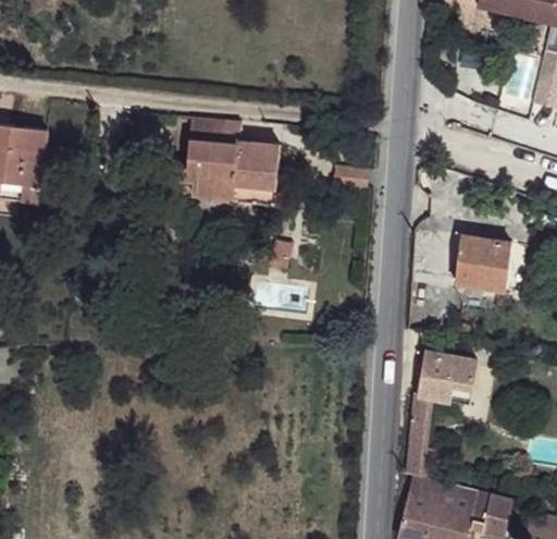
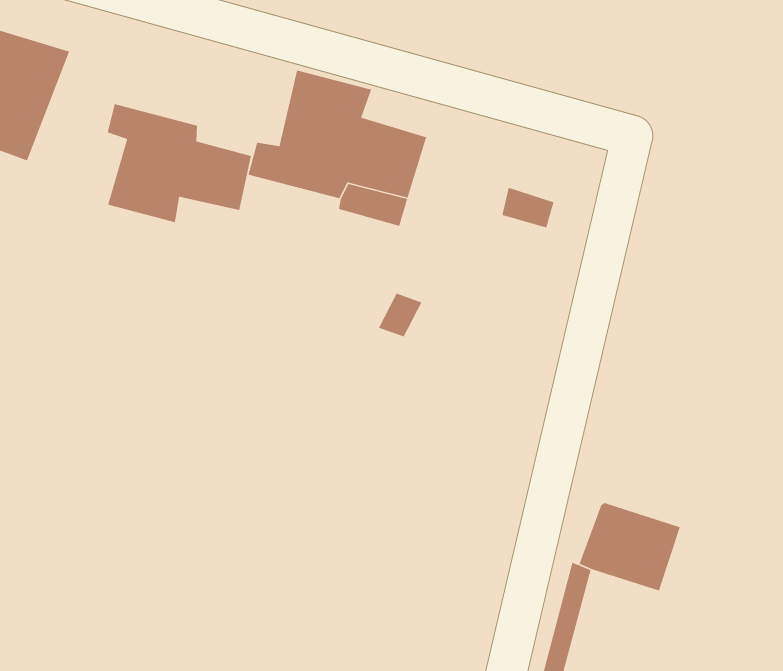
building: none -> [107,103,252,223]
building: [457,235,512,290] -> none

